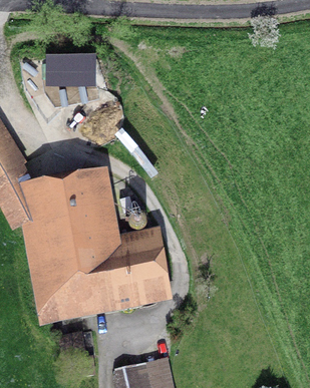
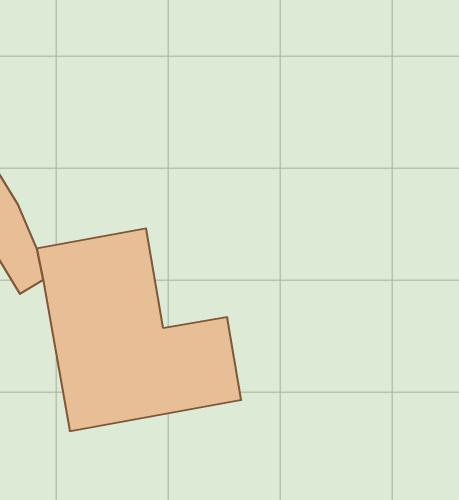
building: [48,52,100,86] -> none

